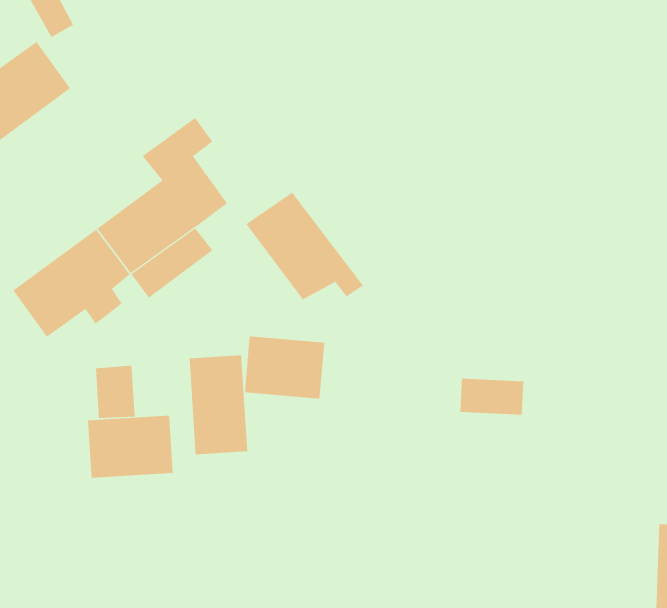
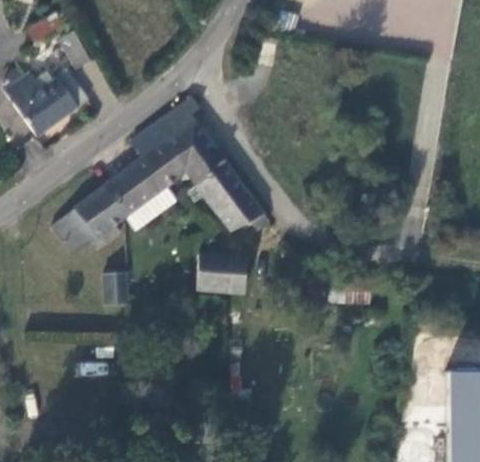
building: none -> [164,96,225,184]
building: [189,354,248,455] -> none
building: [88,415,173,478] -> none

